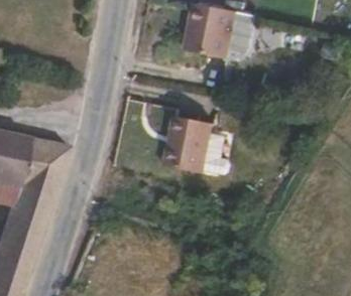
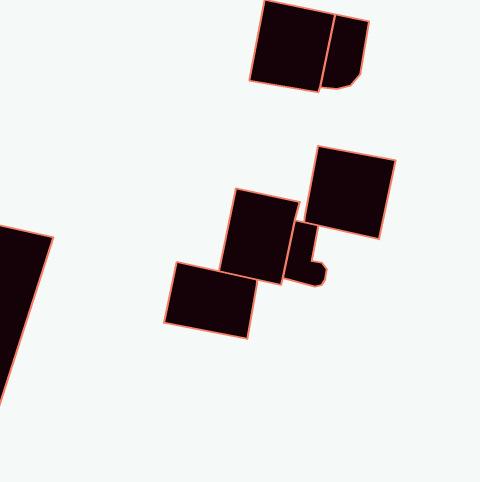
building: none -> [304,146,396,239]
building: none -> [164,262,257,339]

